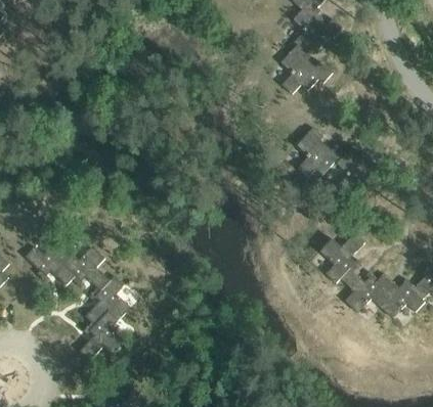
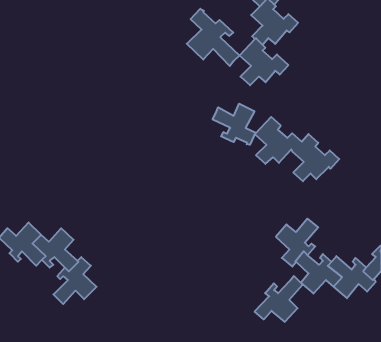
building: none -> [187,9,240,66]
building: none -> [213,104,256,145]
building: none -> [255,276,303,322]
building: [76,311,122,360] -> none

